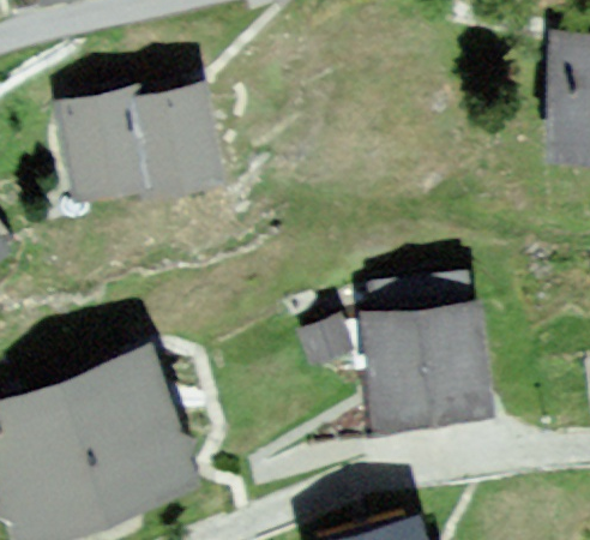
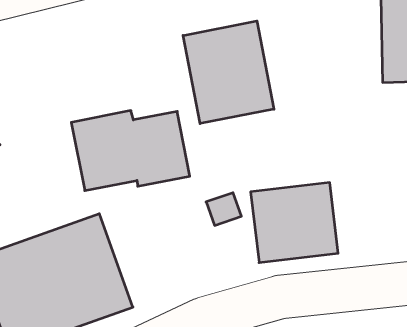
building: none -> [183,21,274,124]
building: [54,86,223,200] -> [71,111,190,191]

